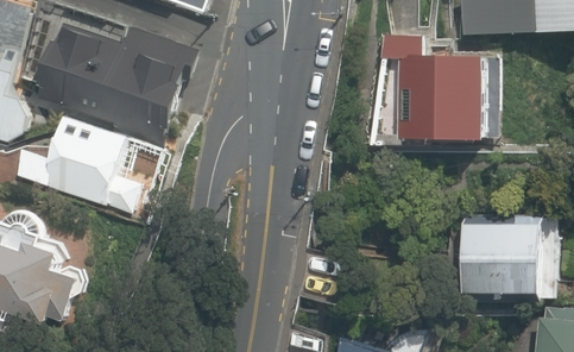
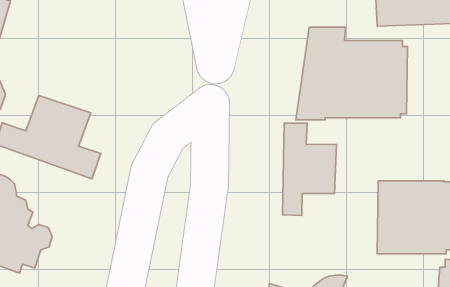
building: [33,23,197,144] -> none
building: none -> [283,123,336,216]

